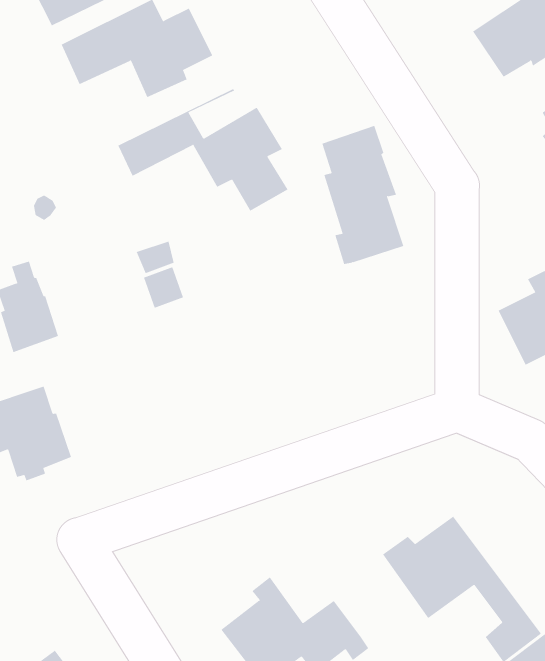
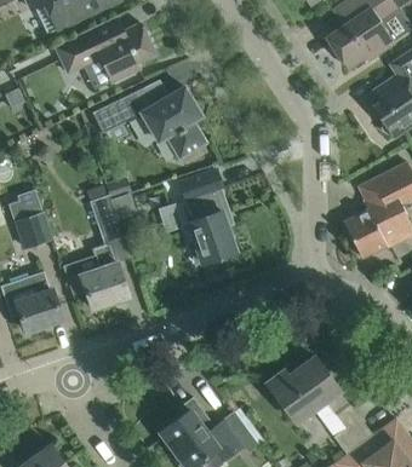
building: [322,125,404,265] -> [181,171,235,263]
building: none -> [85,185,120,238]
building: none -> [67,242,128,309]

